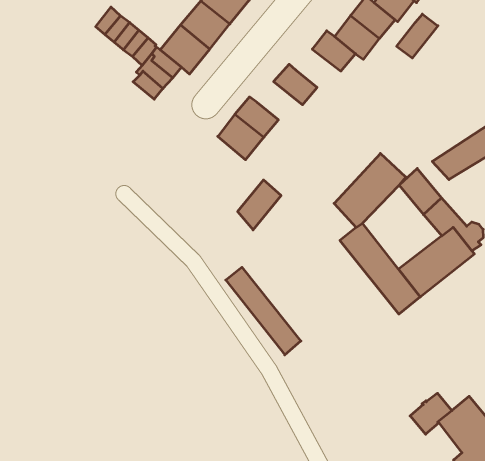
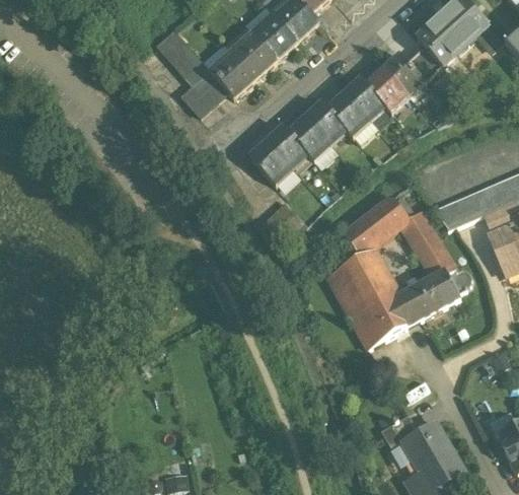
building: [397,14,438,58] -> none
building: none -> [327,93,367,133]
building: none -> [289,117,328,157]
building: [226,267,301,355] -> [326,266,384,349]

